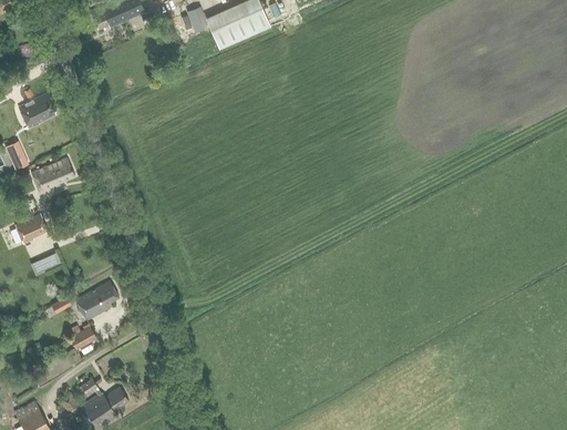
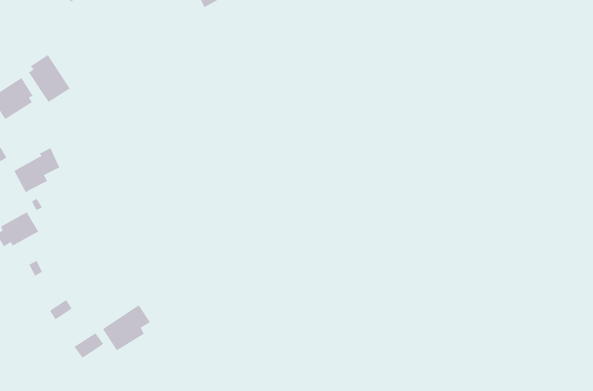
building: none -> [28,54,70,103]
building: [74,280,118,320] -> [102,305,151,351]

